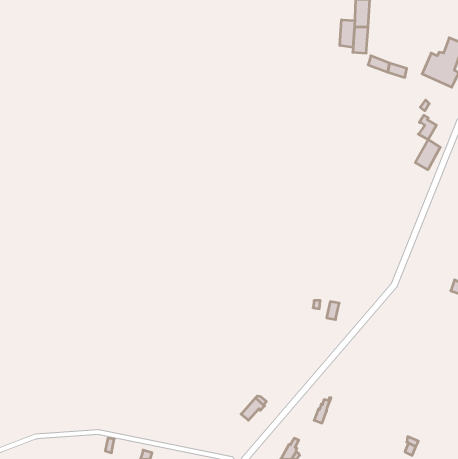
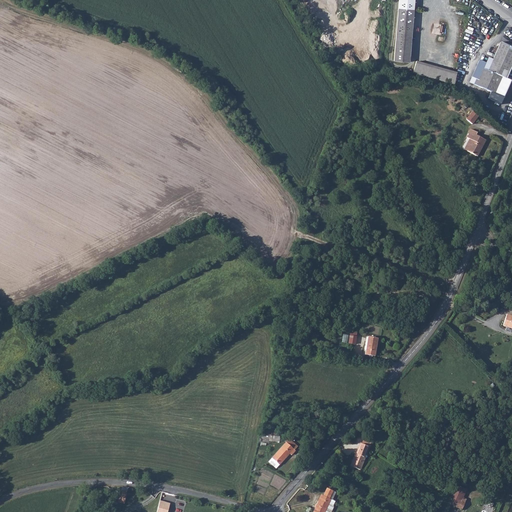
building: [340,20,355,47] -> none
building: [415,140,440,170] -> none

